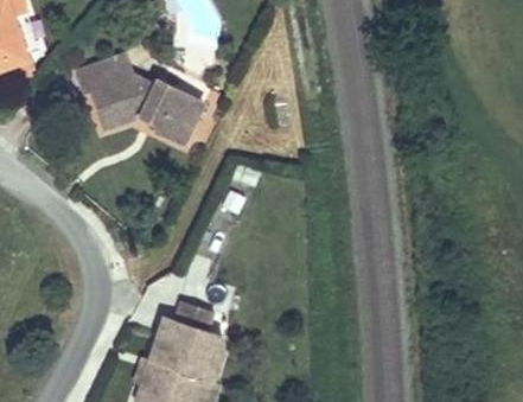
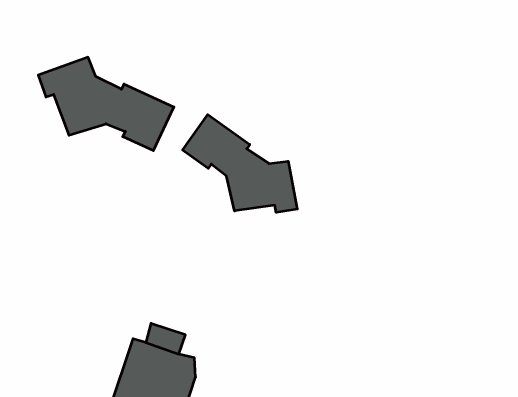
building: none -> [183,115,297,212]

